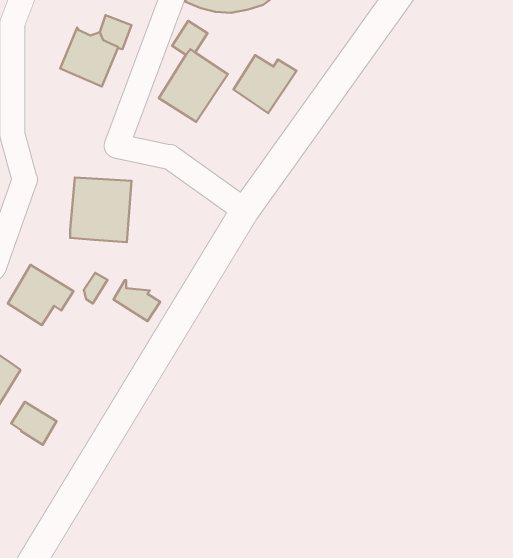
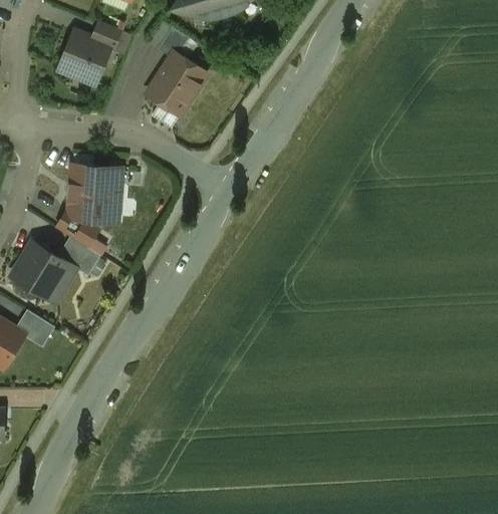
building: [233,55,296,113] -> none
building: [114,280,160,321] -> [56,211,97,247]
building: [11,402,56,445] -> [14,309,54,347]

